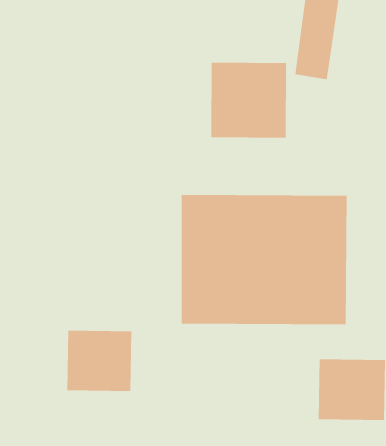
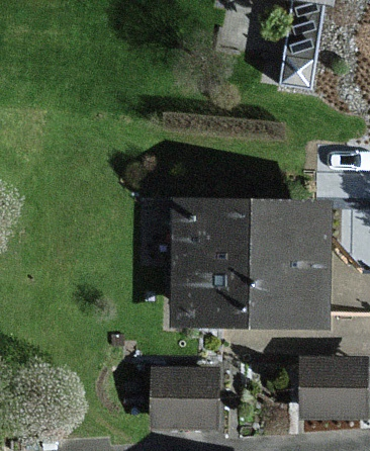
building: [211,62,287,138] -> none
building: [66,330,132,392] -> [155,369,217,428]

